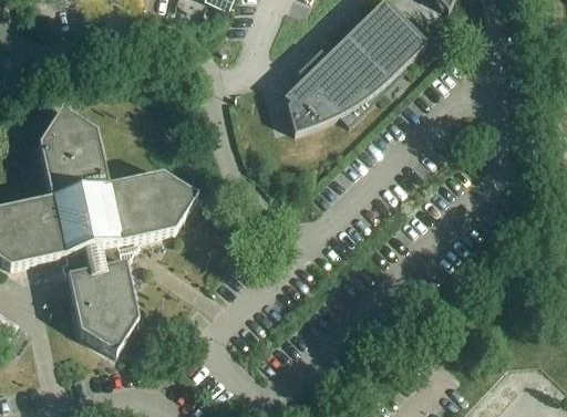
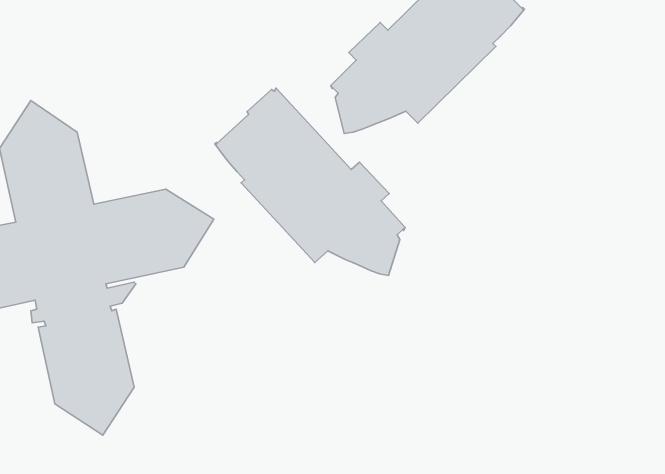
building: none -> [215,88,405,276]

